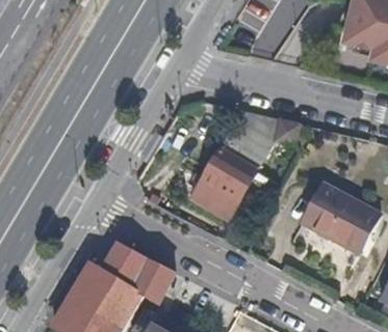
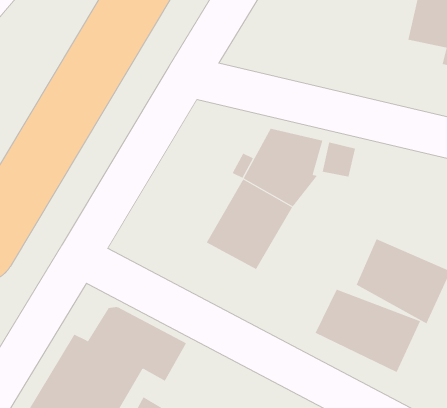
building: none -> [315,289,421,373]

